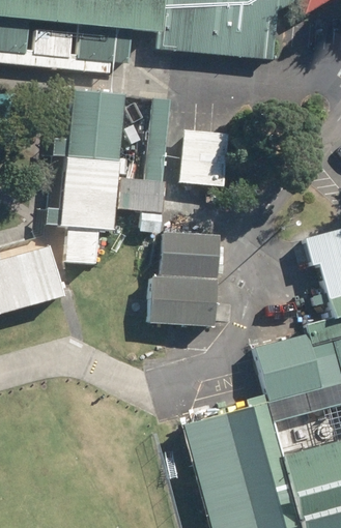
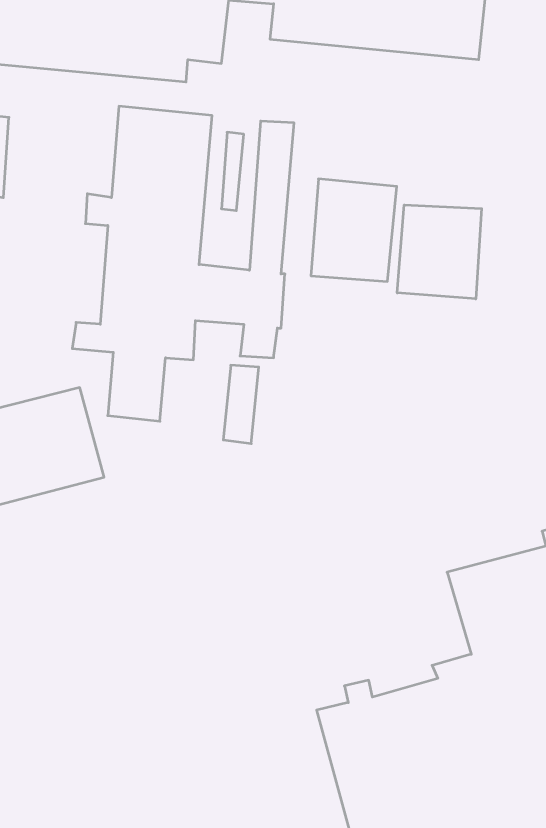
building: none -> [397,205,482,299]
building: [148,237,216,331] -> none

